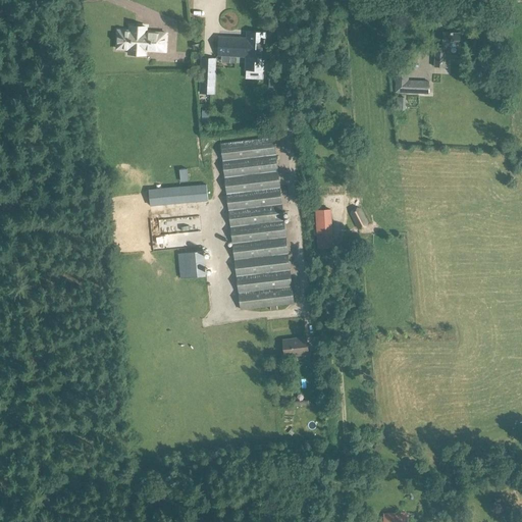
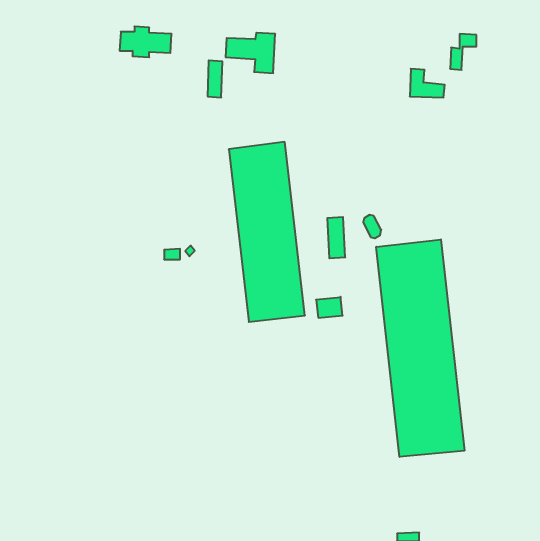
building: [148,184,207,207] -> none
building: none -> [376,239,464,457]
building: [177,251,205,278] -> none
building: [282,336,308,357] -> [316,297,343,318]

